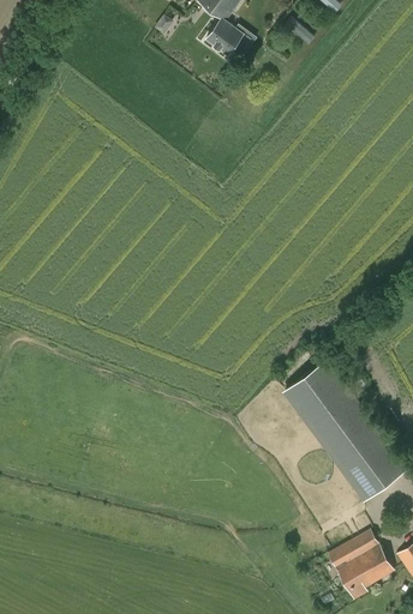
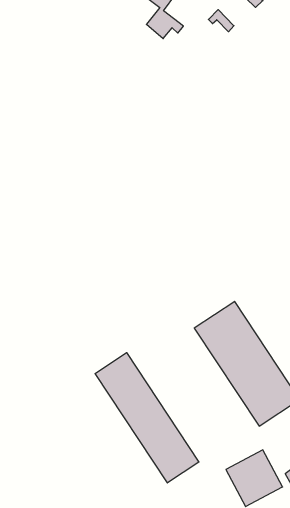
building: none -> [95,353,199,483]

